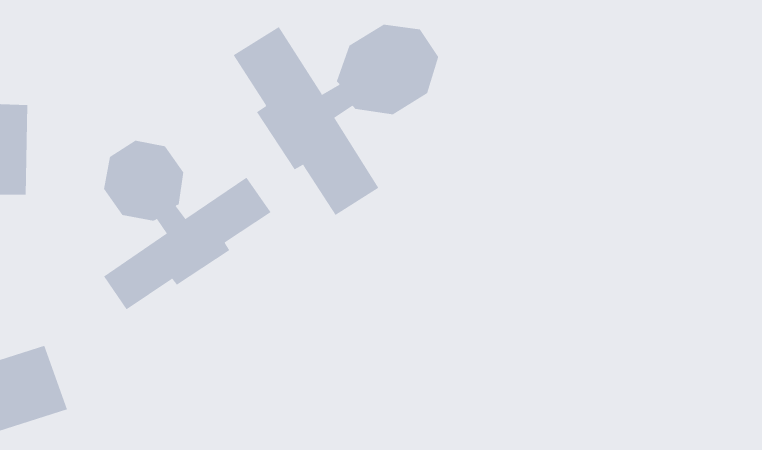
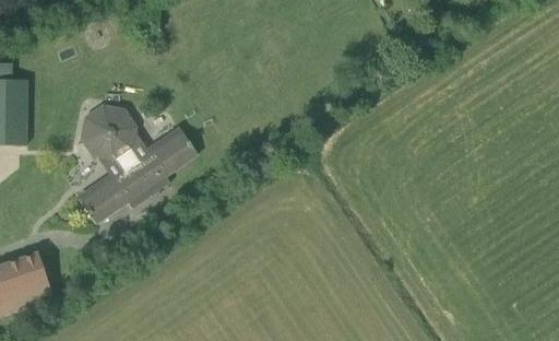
building: [233,24,439,216] -> none

